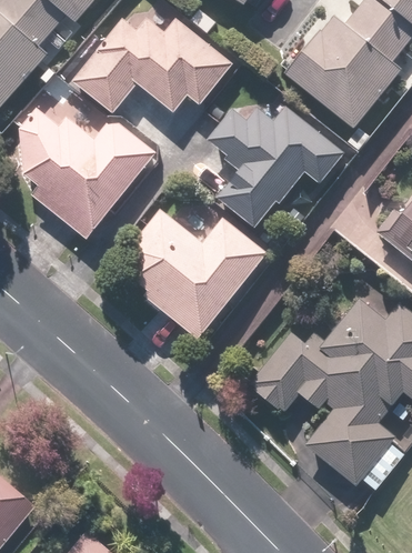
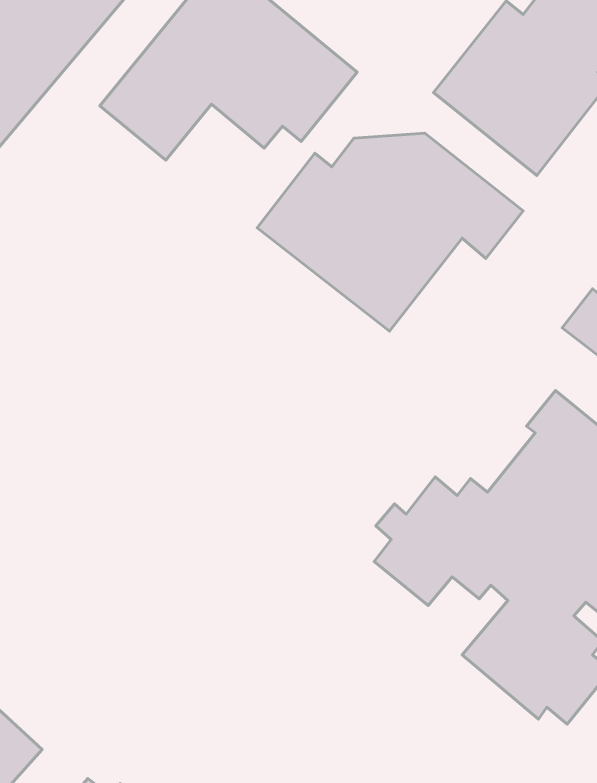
building: [20,86,161,239] -> none
building: [128,203,267,341] -> none

